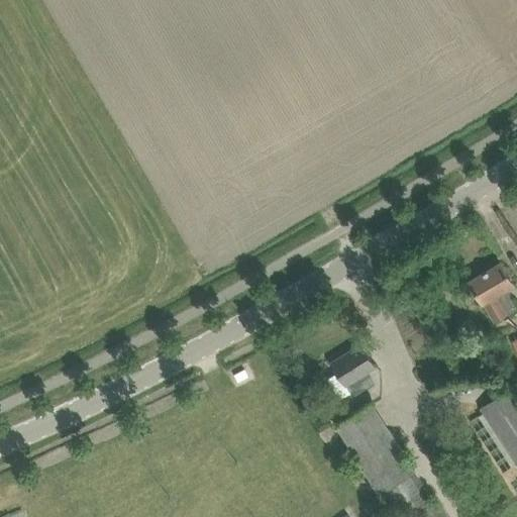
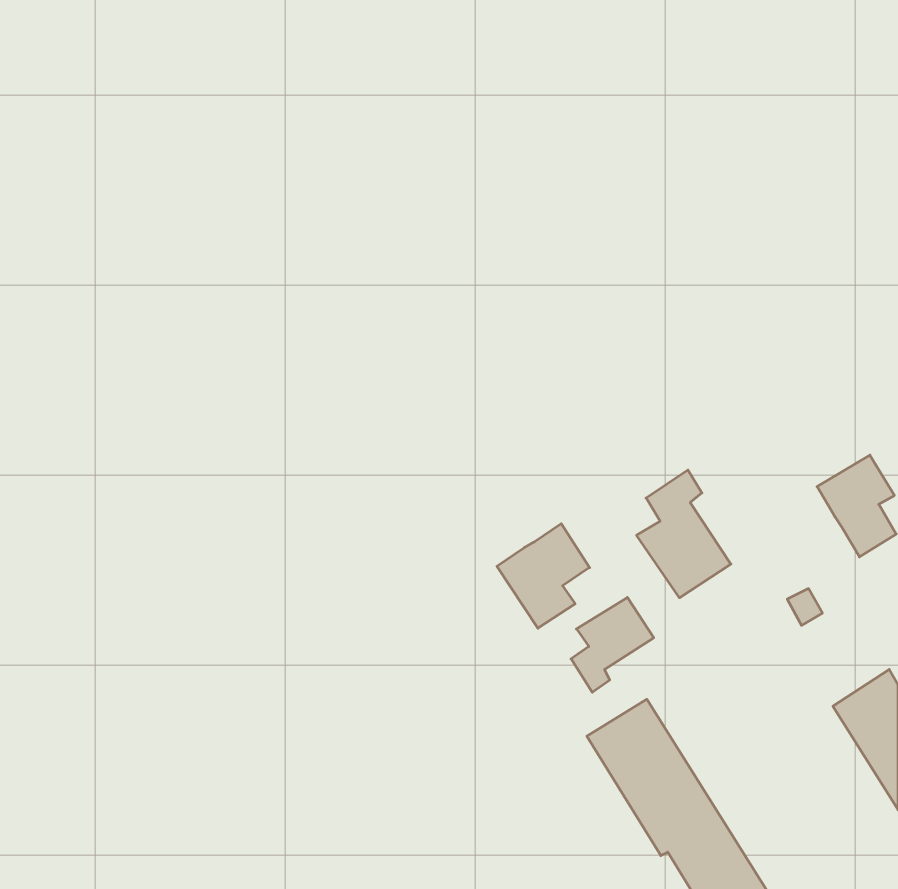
building: none -> [637,470,731,598]
building: none -> [497,524,590,628]

